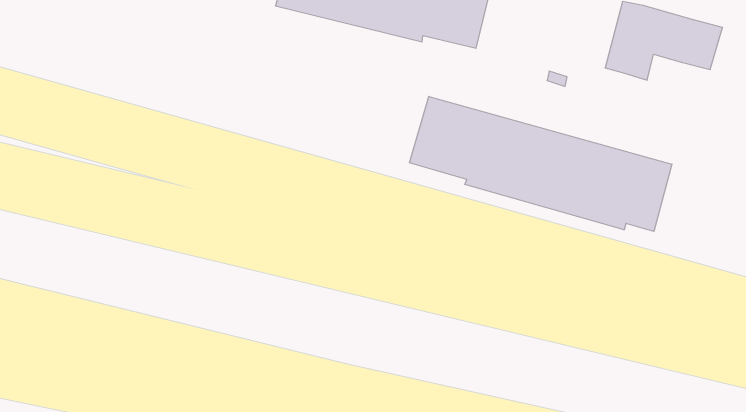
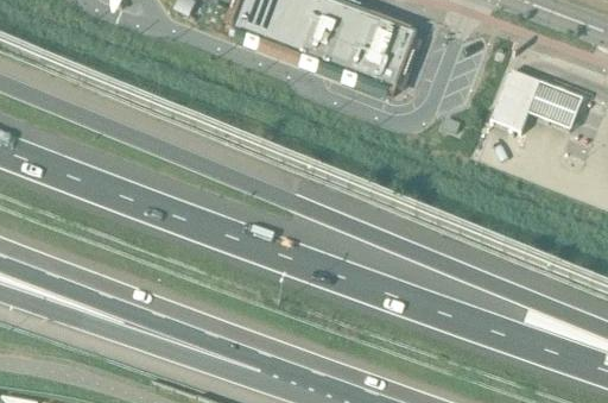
building: [409,96,672,231] -> none

